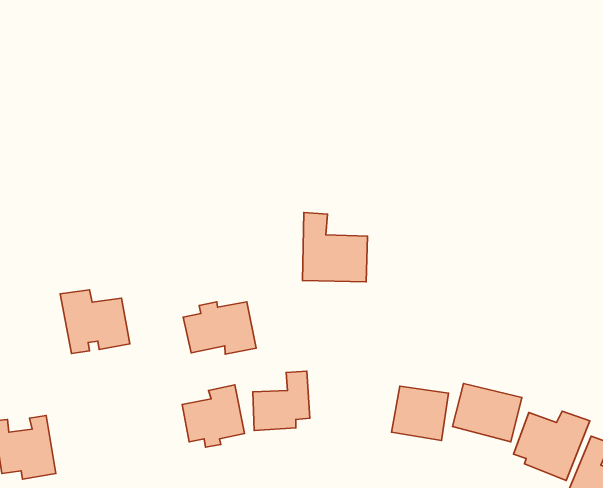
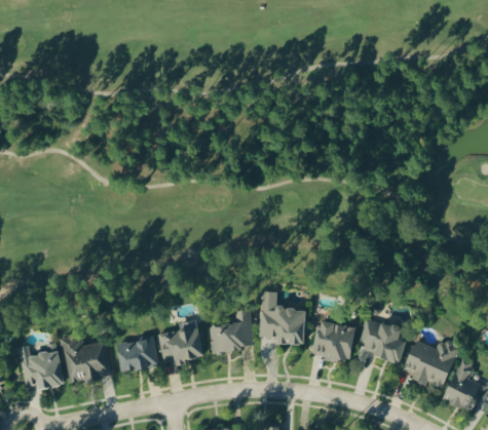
building: [302,213,368,282] -> [258,291,306,343]
building: [60,290,130,354] -> [59,336,110,383]
building: [183,302,256,354] -> none
building: none -> [115,338,157,373]

